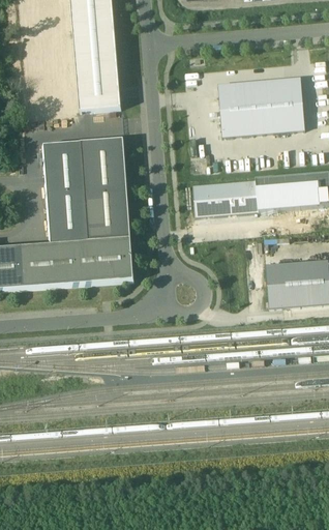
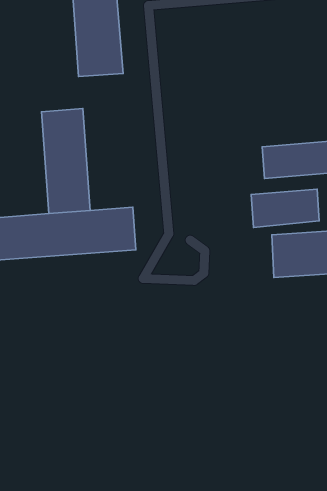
building: [219,77,305,136] -> none
building: [82,138,130,240] -> none
building: [192,178,259,215] -> [251,189,319,227]

